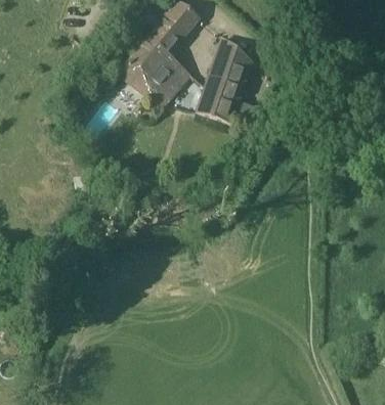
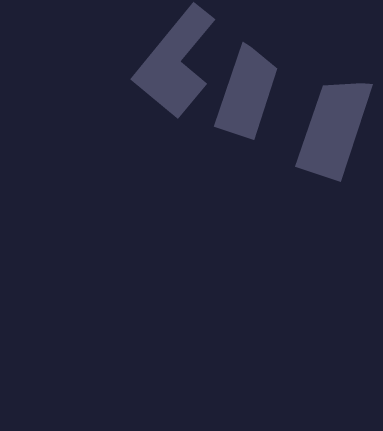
building: none -> [294,83,374,183]

